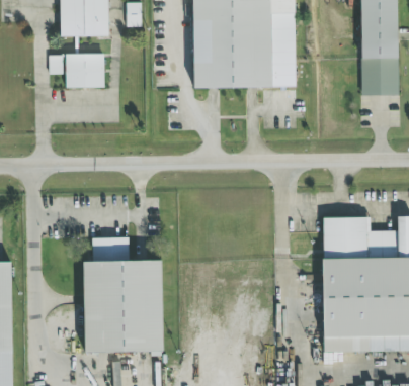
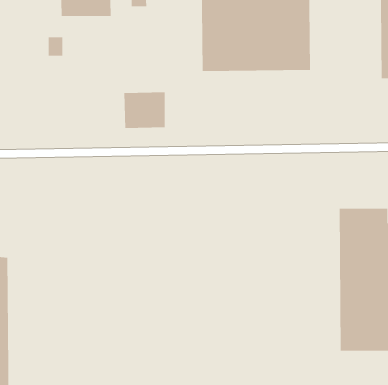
building: [65,54,104,88] -> [123,92,165,128]
building: [83,237,163,353] -> none

